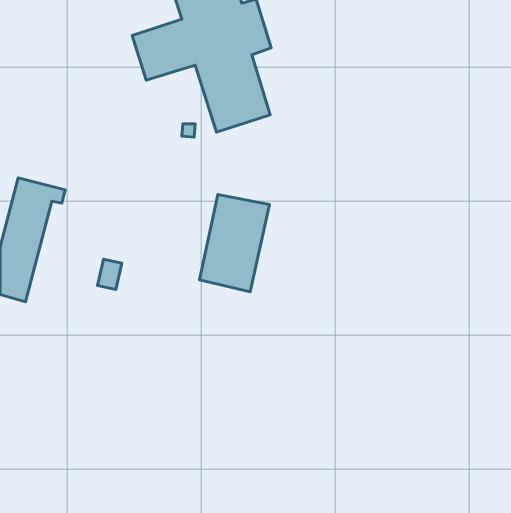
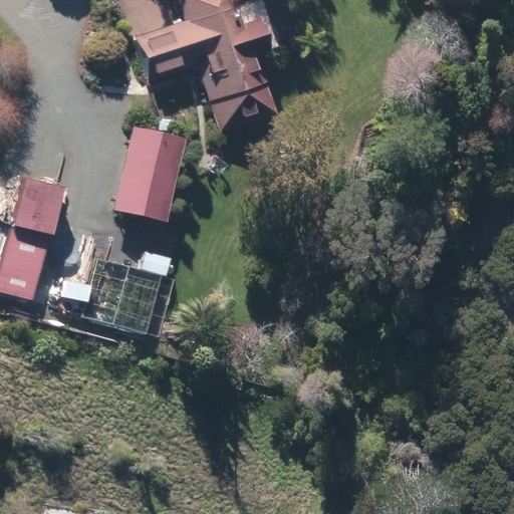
building: [200,194,270,292] -> [113,126,183,223]

